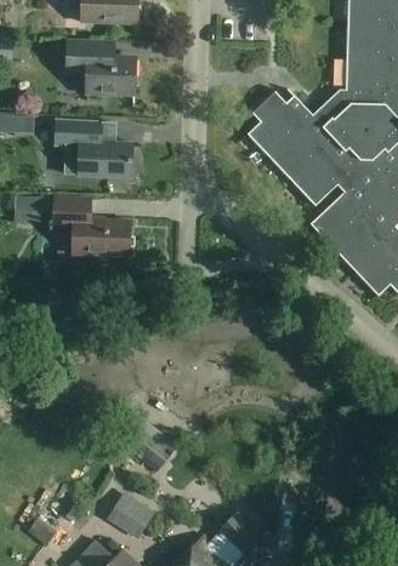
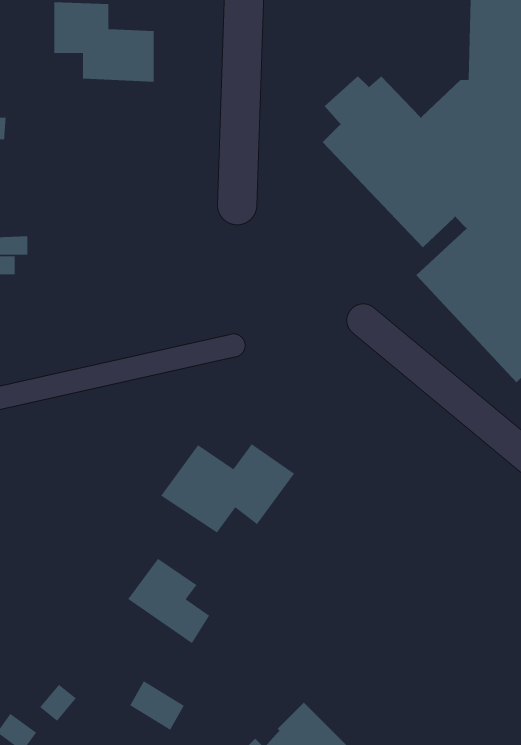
building: [55,120,132,177] -> none
building: [53,198,130,255] -> none
building: none -> [160,443,295,533]

